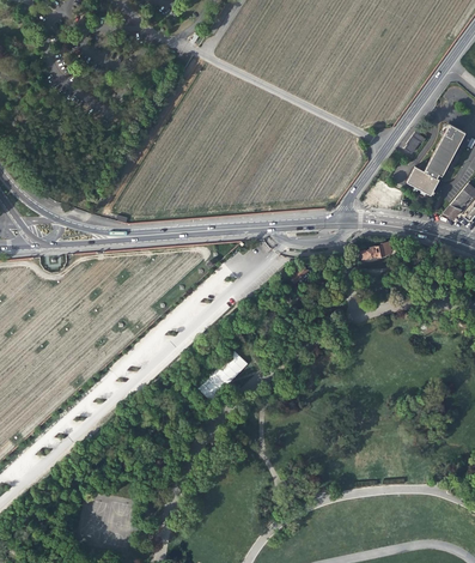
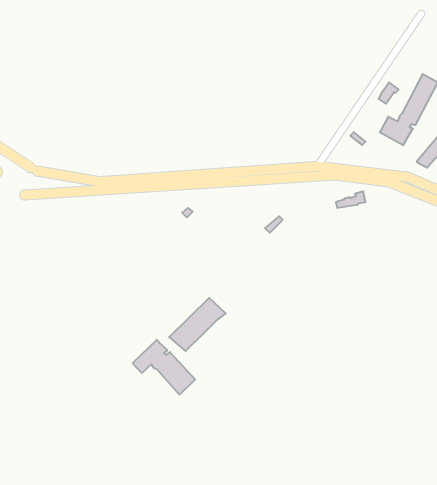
building: none -> [133,340,195,395]

